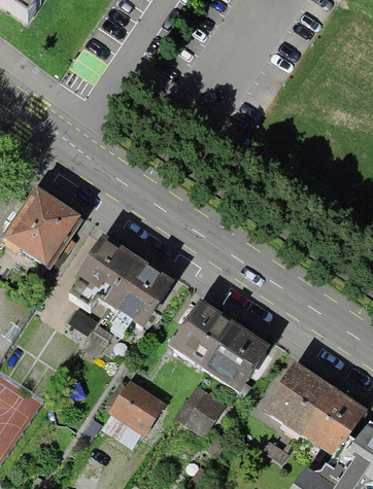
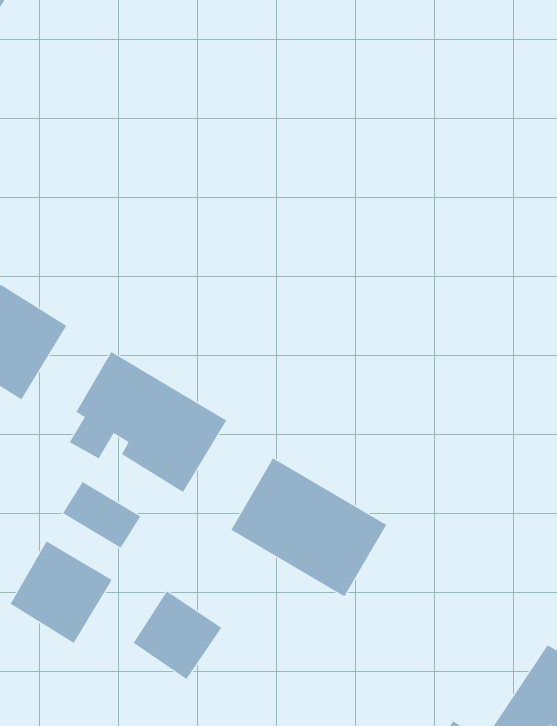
building: none -> [10,540,112,644]
building: [264,364,362,454] -> none
building: [182,391,230,440] -> none

